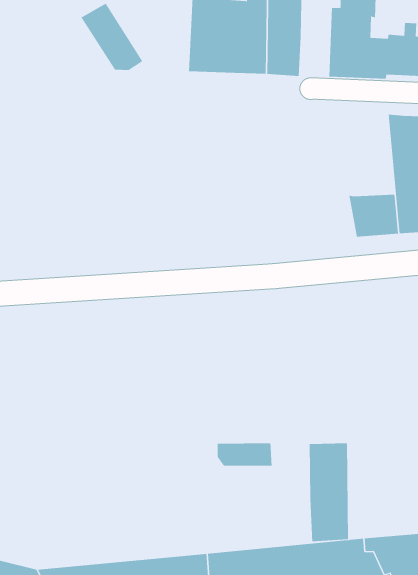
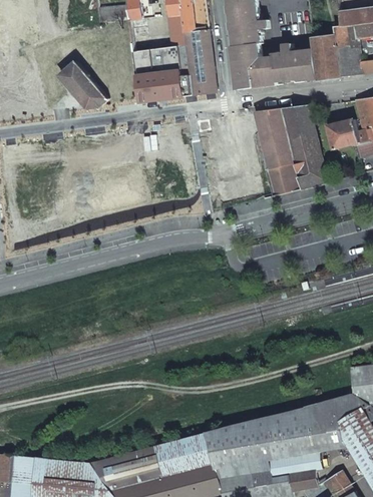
building: none -> [255,109,295,169]
building: [309,442,348,542] -> none
building: [217,443,272,466] -> none

